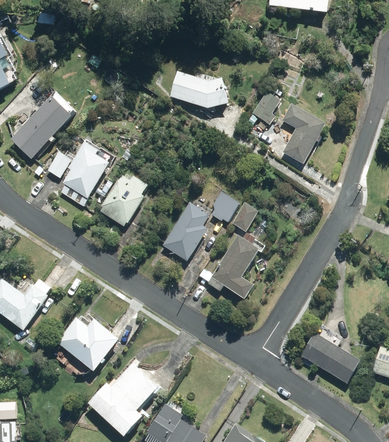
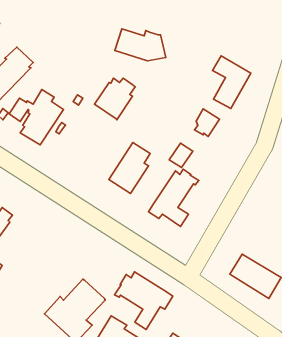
building: [251,90,280,124] -> none
building: [100,176,147,224] -> [94,78,135,120]
building: [210,191,239,223] -> [194,109,219,137]
building: [56,316,118,370] -> none
building: none -> [114,272,173,329]

